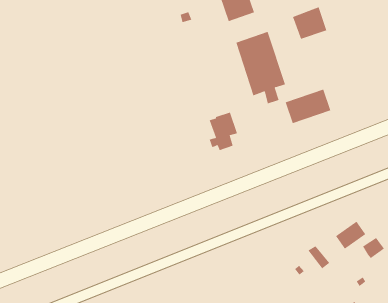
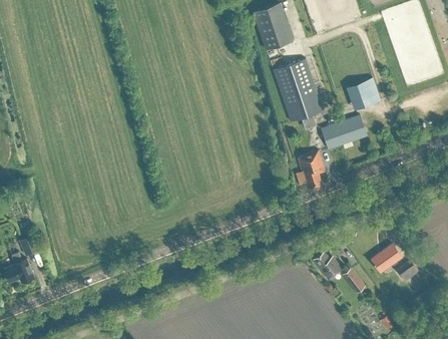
building: [292,7,327,40] -> [347,77,381,109]
building: [209,112,238,151] -> [298,150,326,189]
building: none -> [313,252,342,280]

